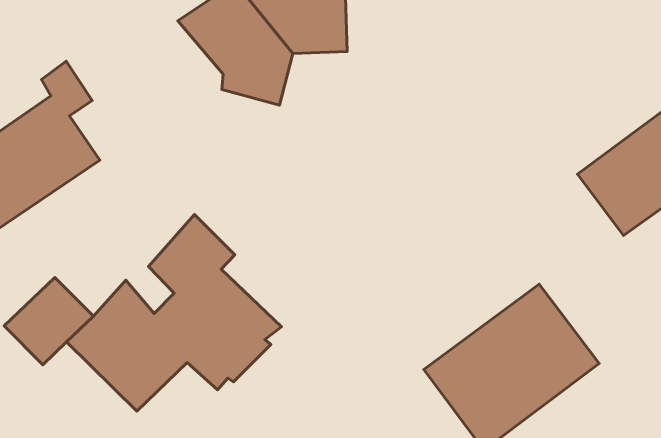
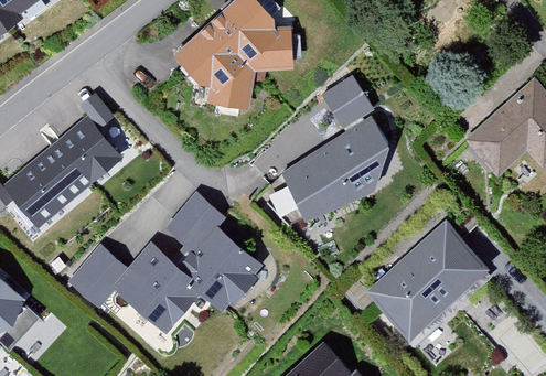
building: none -> [319,75,373,129]
building: none -> [280,117,387,222]

